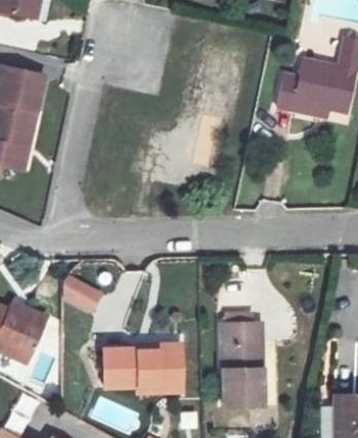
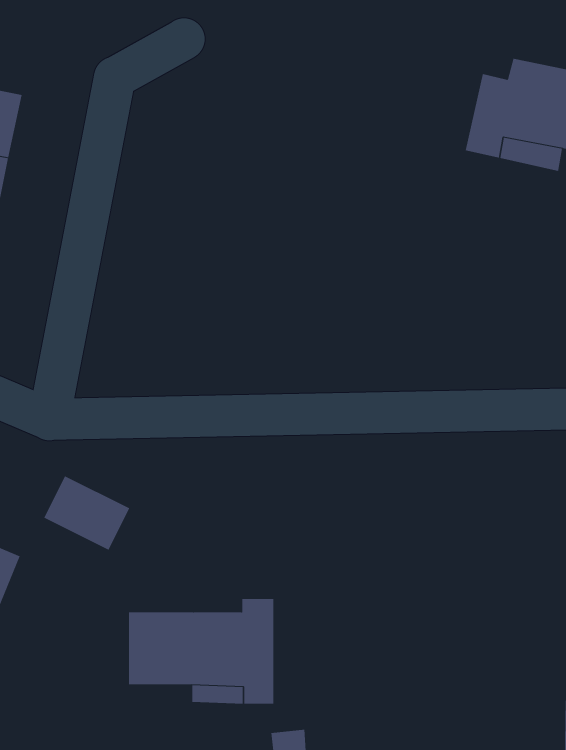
building: [223,324,263,410] -> none

